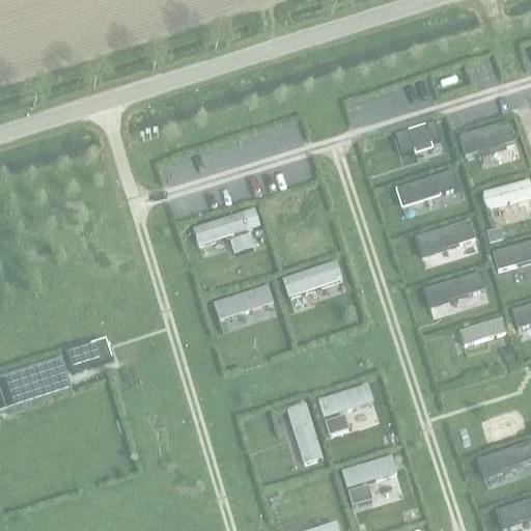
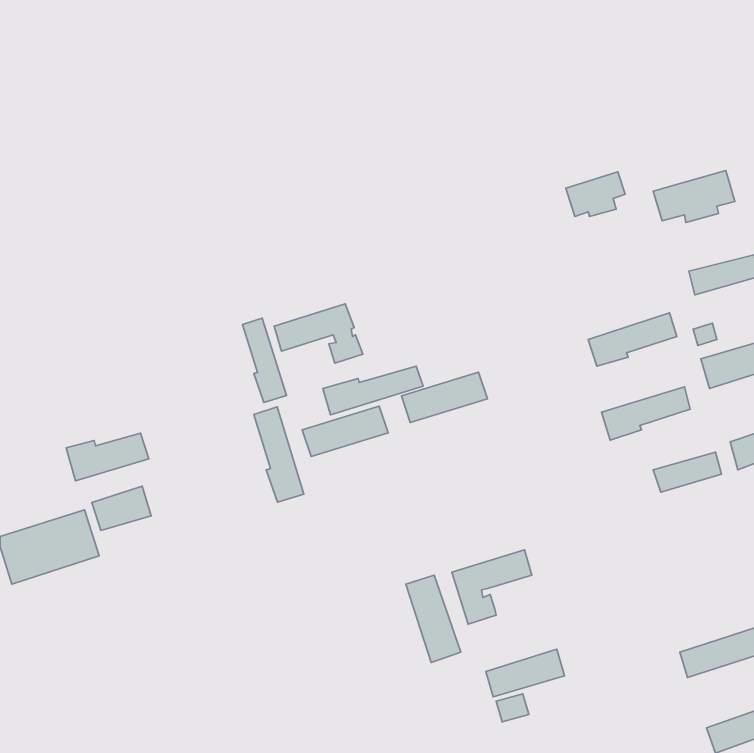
building: [395,169,458,206] -> none
building: none -> [242,318,286,402]
building: none -> [323,366,423,415]
building: none -> [254,407,304,502]
building: none -> [66,433,149,481]

